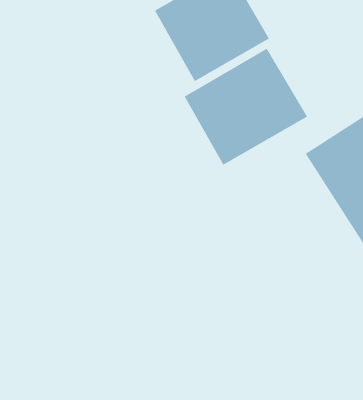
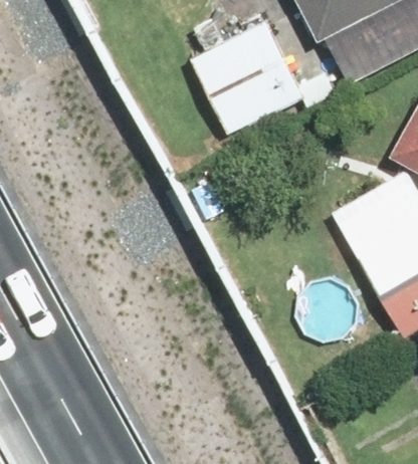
building: [184,48,308,166] -> none

